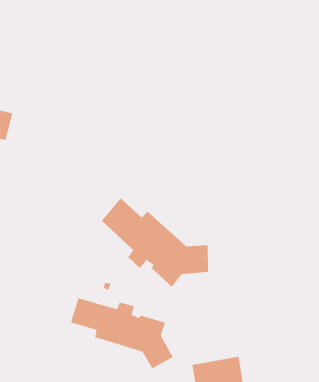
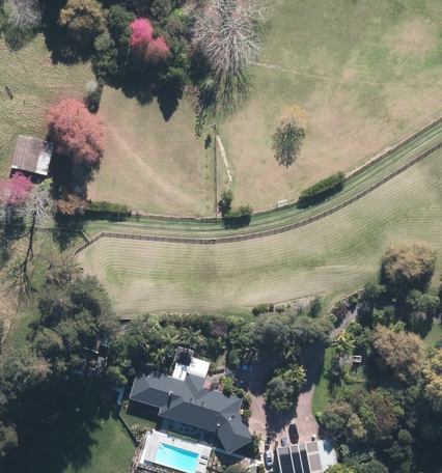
building: [101,198,209,287] -> none

